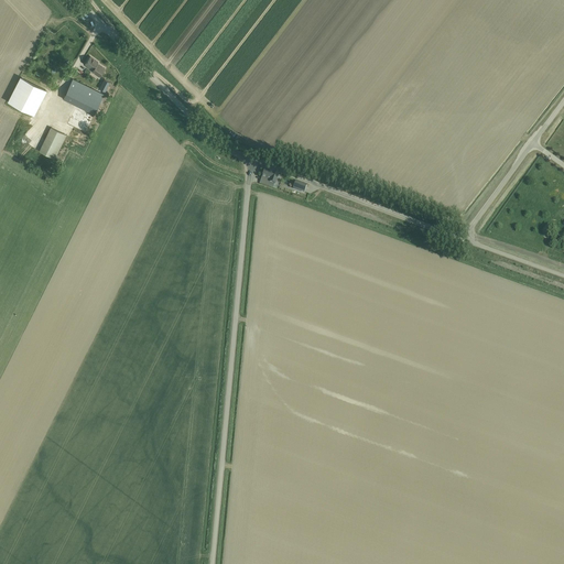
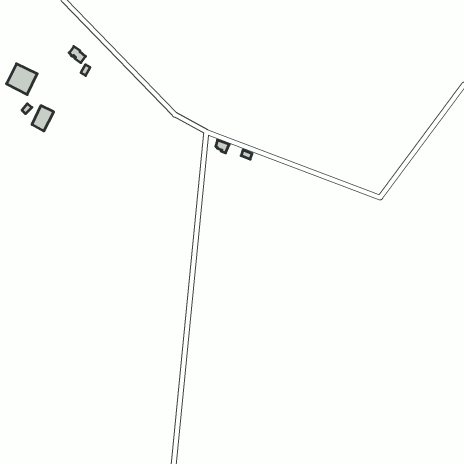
building: [62,80,102,115] -> none

